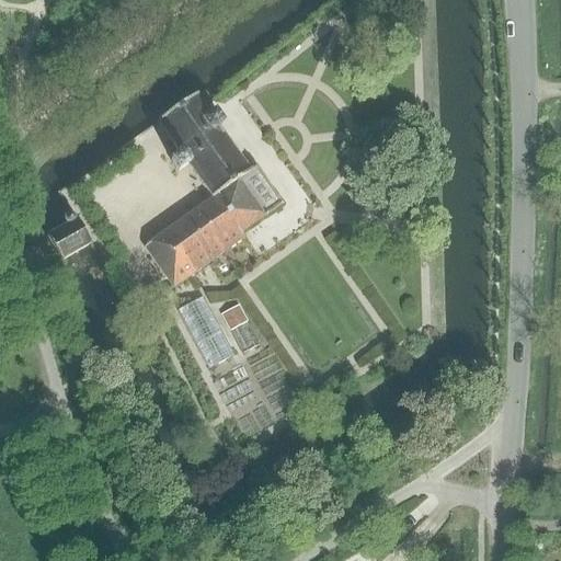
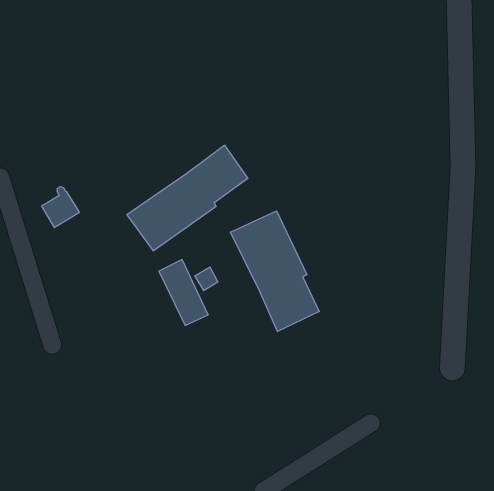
building: [158,93,250,196] -> none
building: none -> [230,211,319,332]

